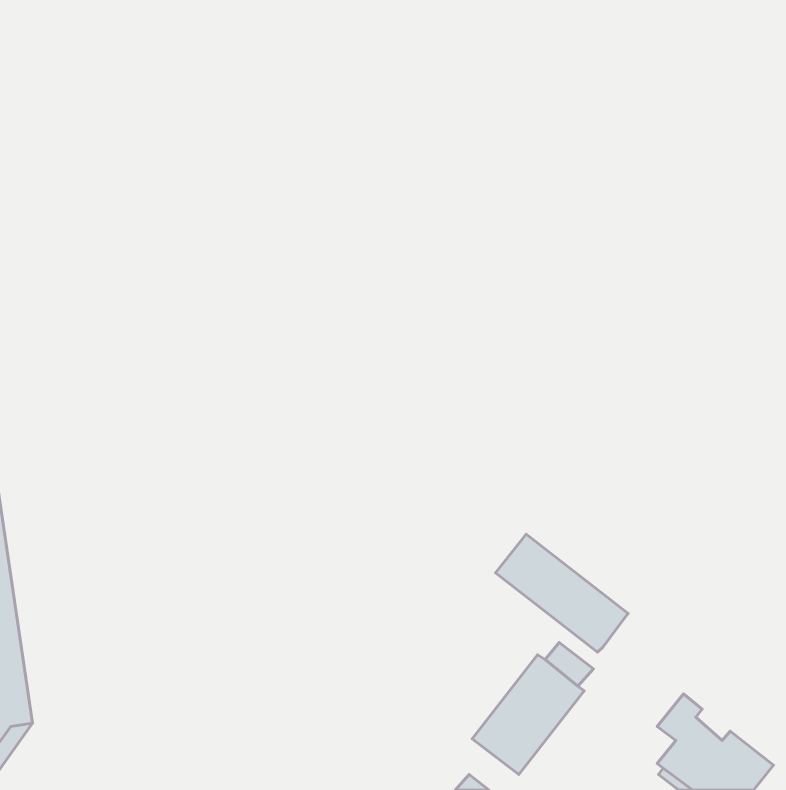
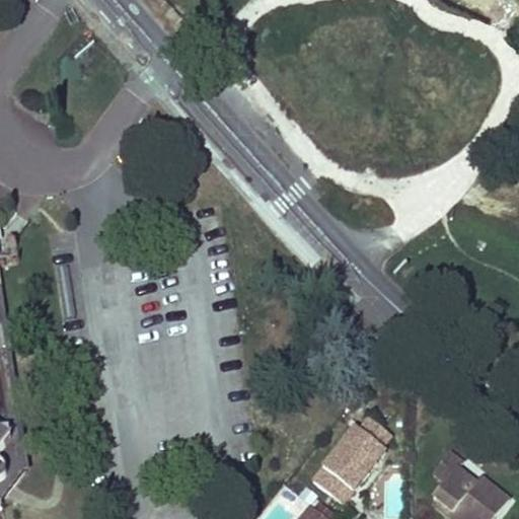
building: [495,534,628,652] -> none

